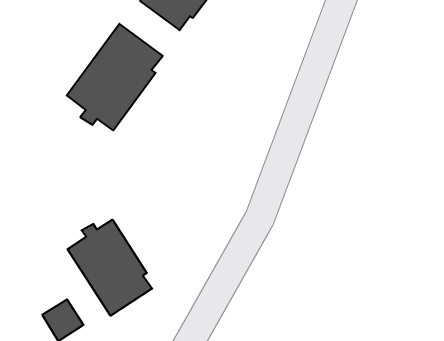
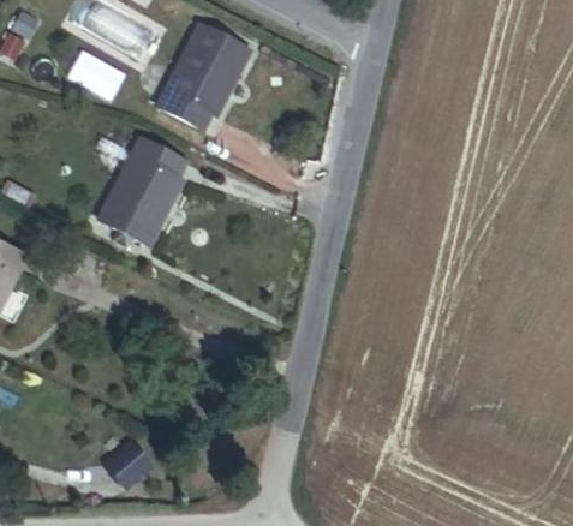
building: [68,220,152,316] -> none

